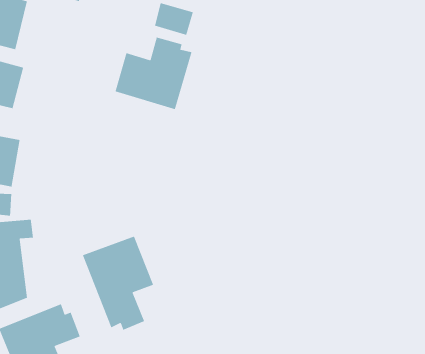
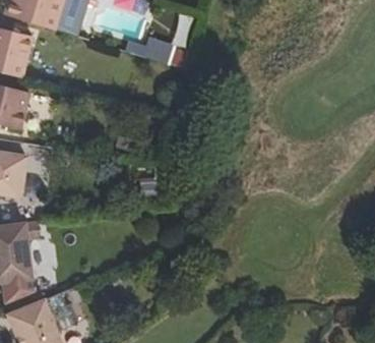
building: [115,36,192,110] -> none
building: [82,235,154,331] -> none

